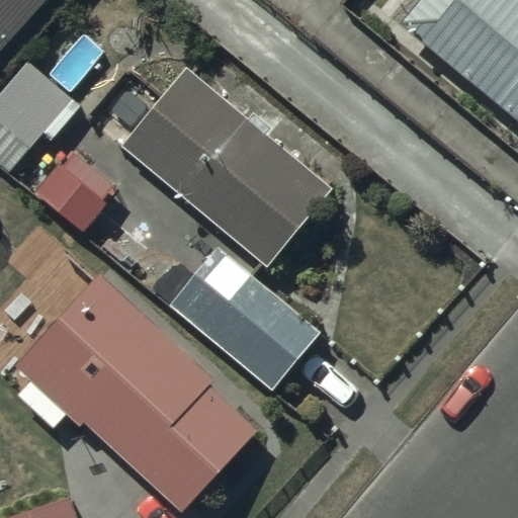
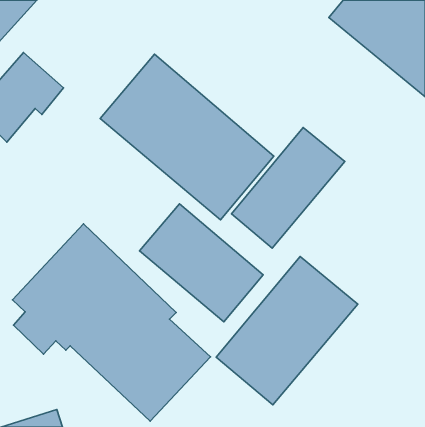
building: none -> [231,127,345,248]
building: none -> [216,256,358,405]

